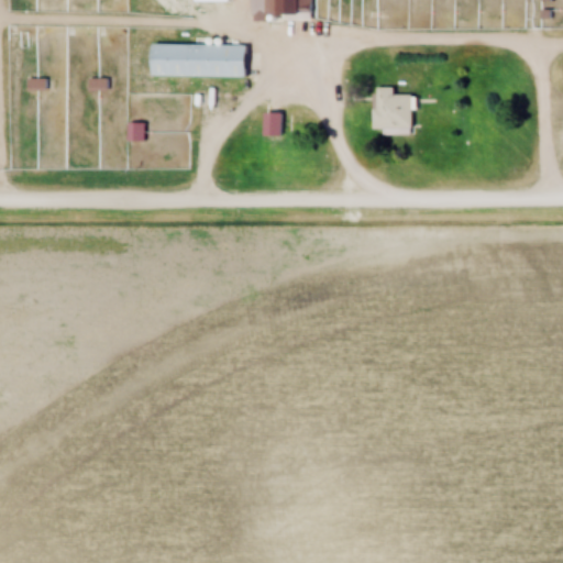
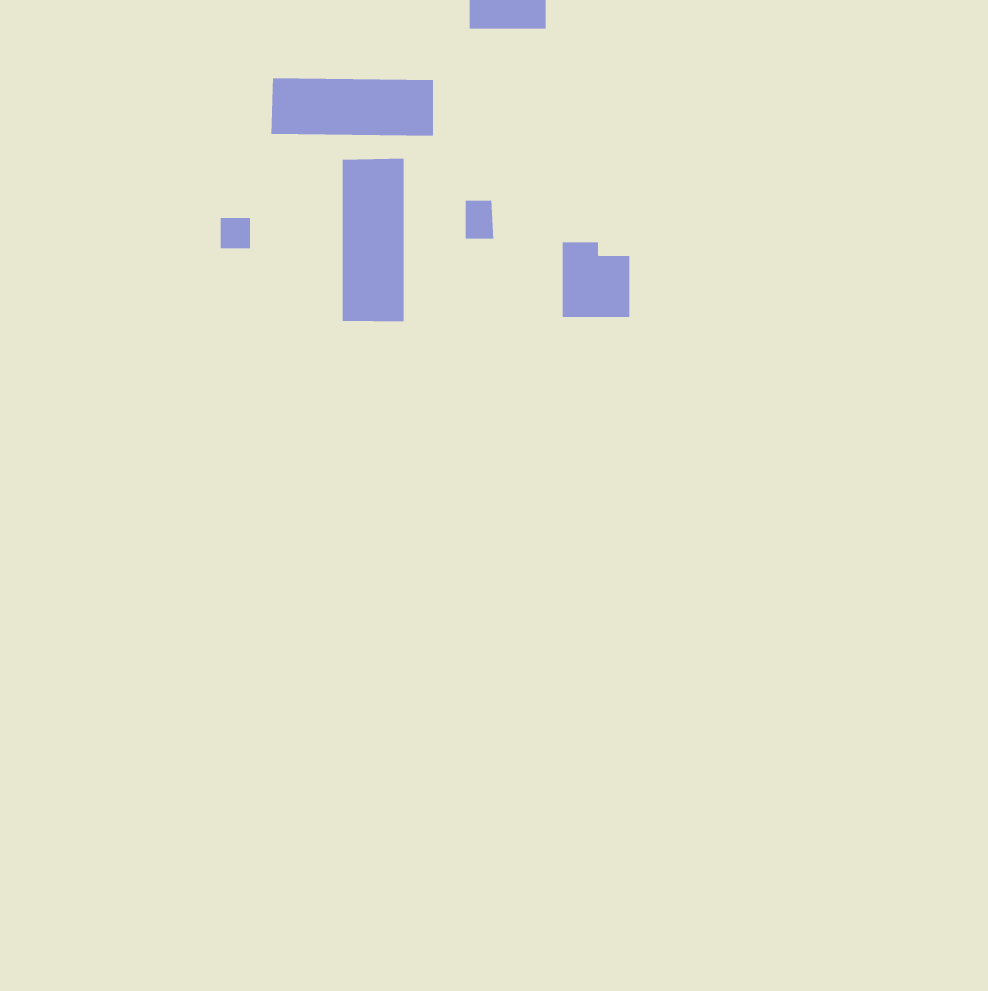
building: [372,87,410,130] -> [562,242,630,318]
building: none -> [342,158,404,322]

